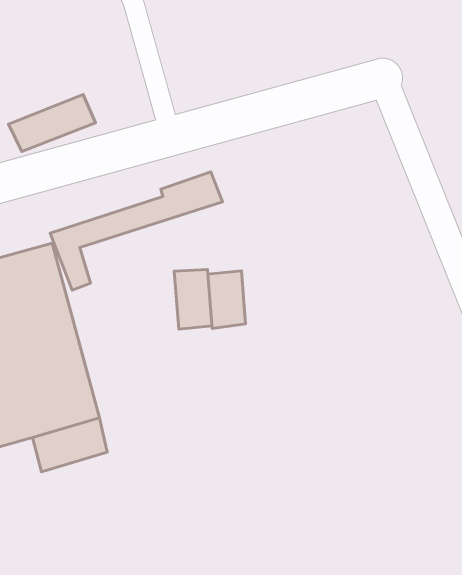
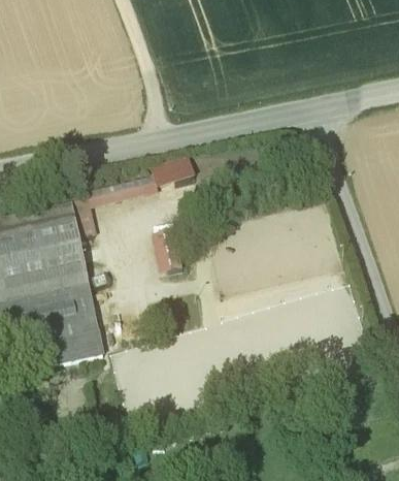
building: [8,95,95,152] -> none
building: [208,271,246,328] -> none

